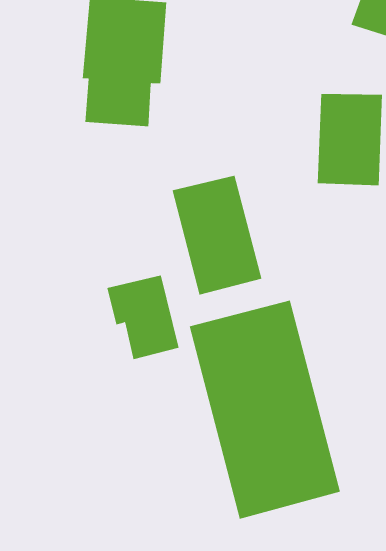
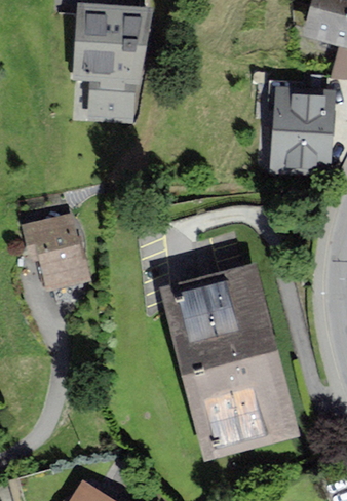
building: [172,175,262,295] -> none
building: [106,275,180,360] -> [24,214,86,286]

